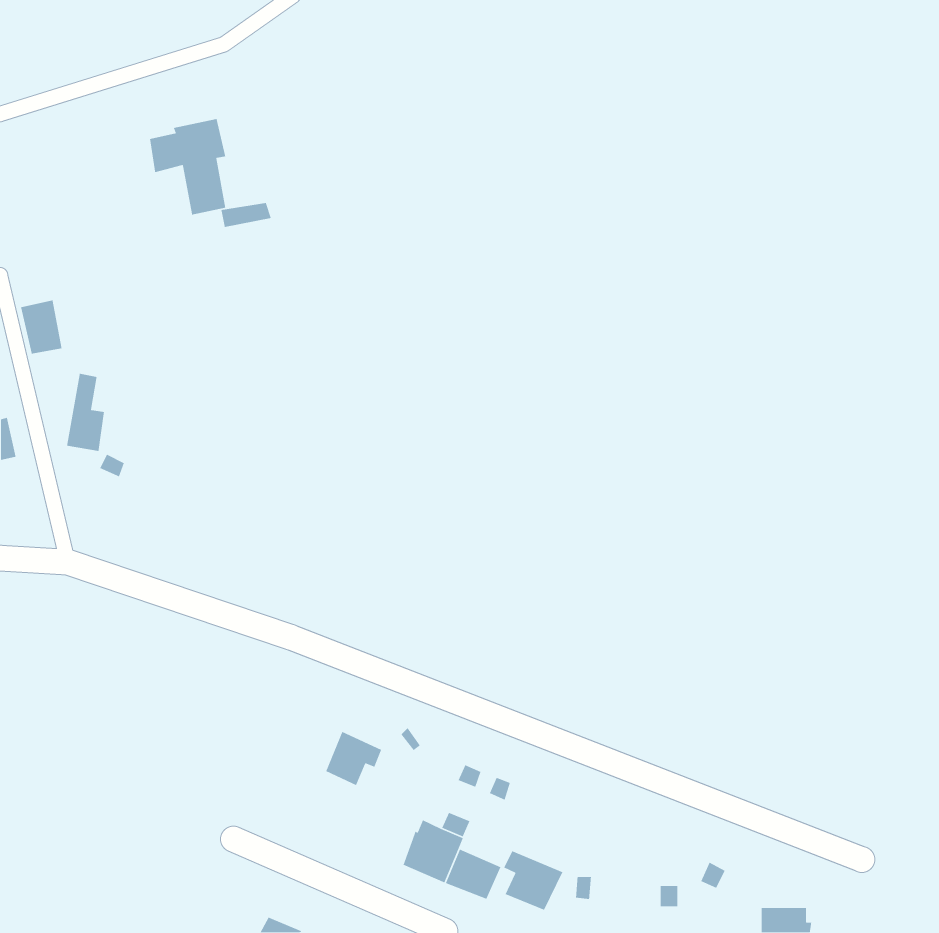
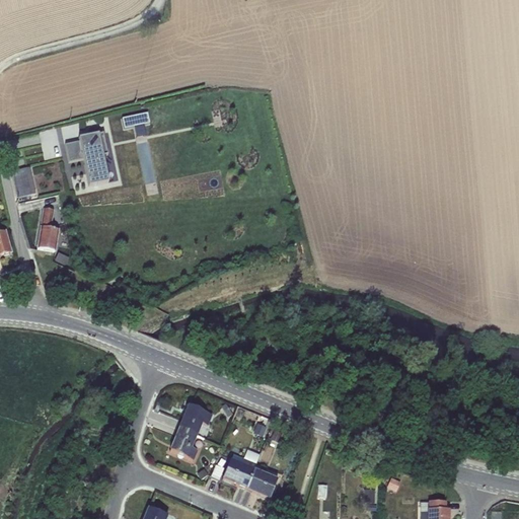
building: [149,118,226,216] -> [65,131,107,184]
building: none -> [169,426,197,458]
building: [503,850,563,911] -> none

